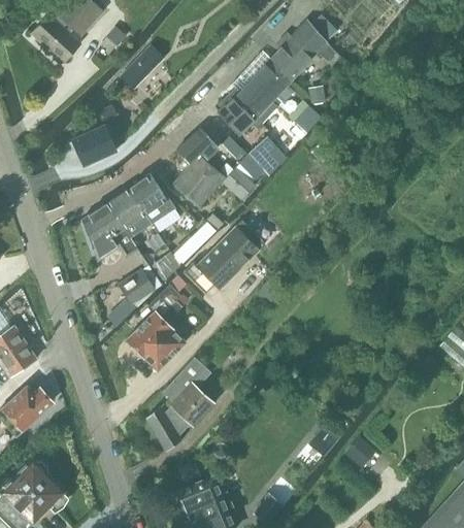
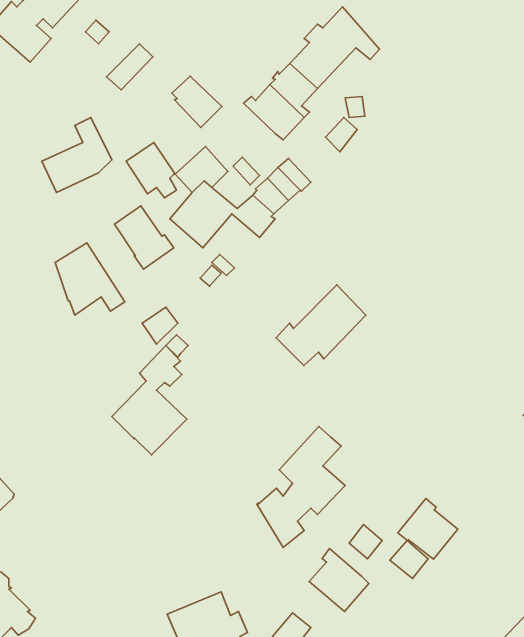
building: [216,95,255,135] -> [172,76,222,127]
building: [107,190,146,233] -> [126,143,176,198]
building: [183,232,253,295] -> [276,285,366,365]
building: [120,265,161,304] -> none
building: [145,358,214,453] -> [257,426,345,548]
building: none -> [398,499,458,559]
building: none -> [309,548,369,612]

